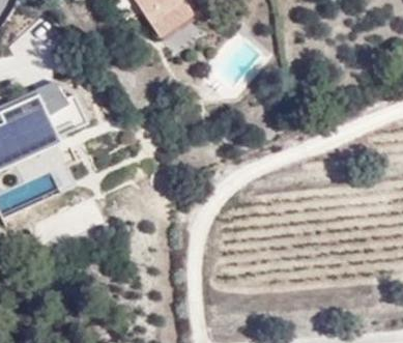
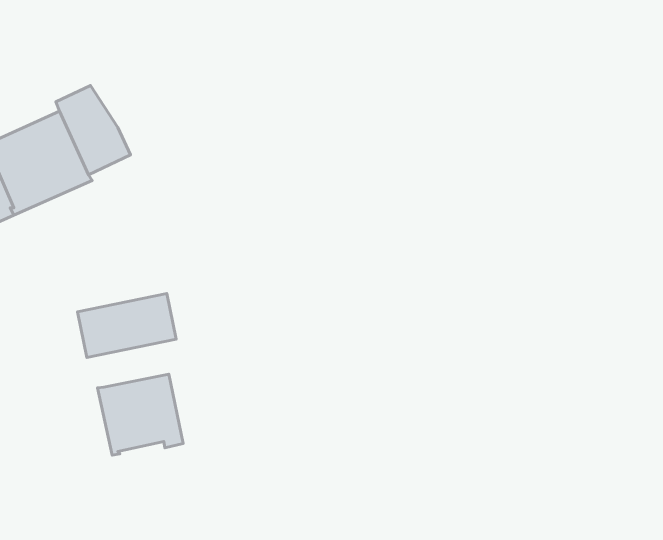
building: none -> [98,374,183,455]

